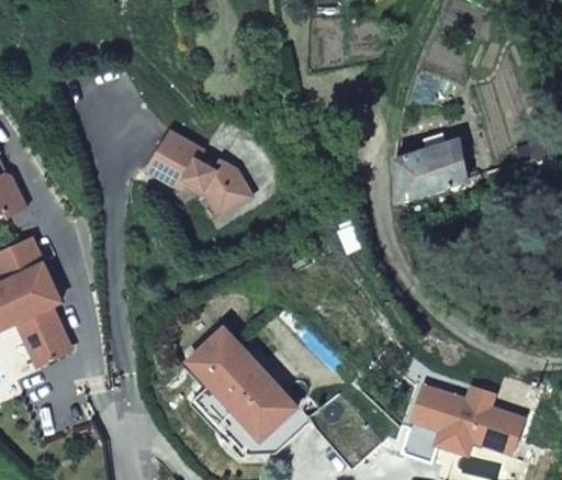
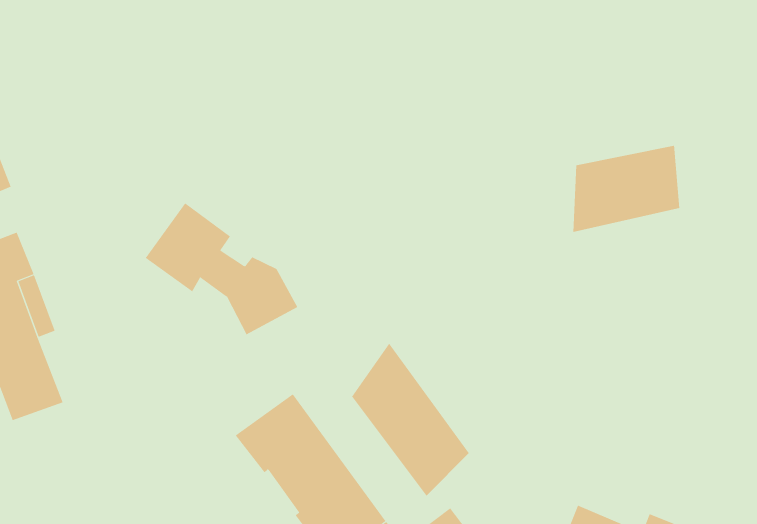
building: [143,130,248,214] -> [145,202,298,335]
building: none -> [352,343,469,497]

